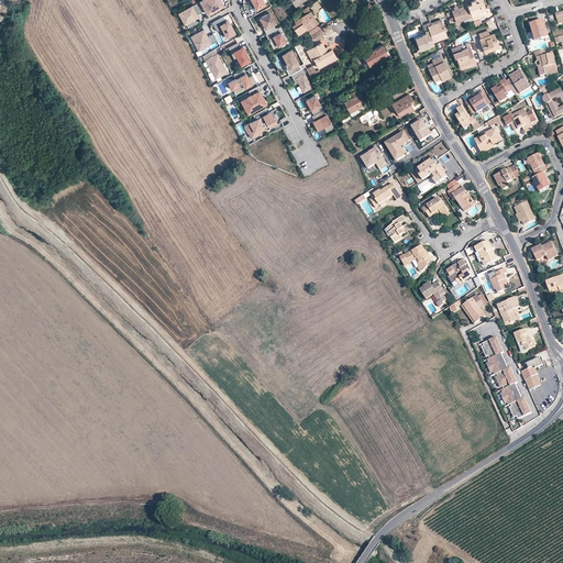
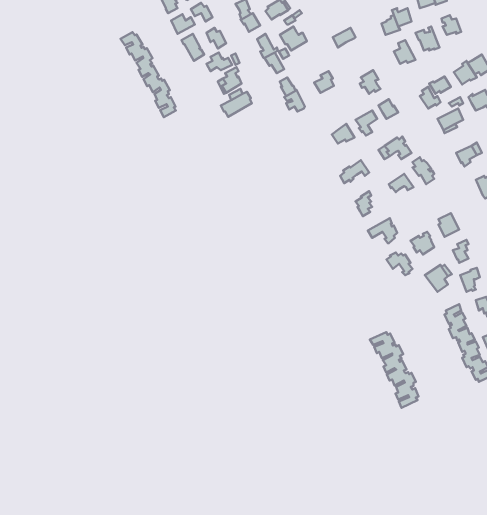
building: none -> [121,32,176,117]
building: none -> [370,332,418,408]

